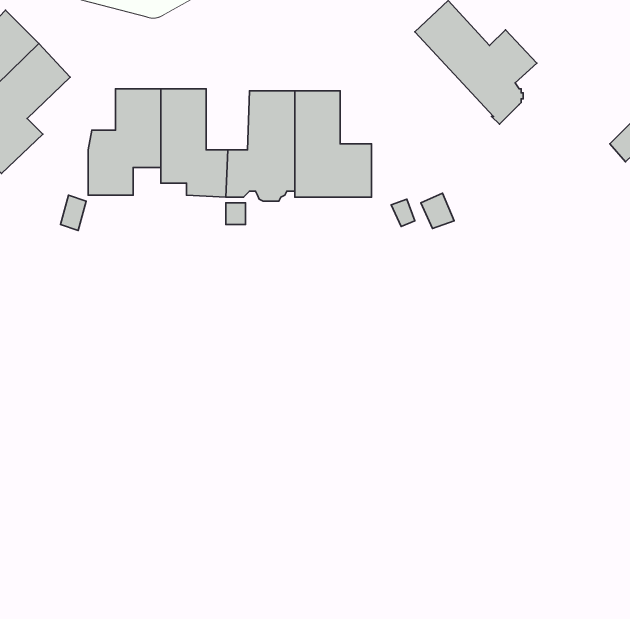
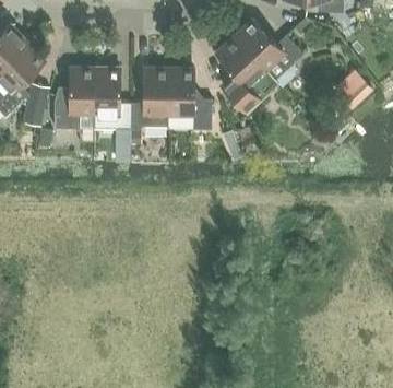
building: none -> [216,37,278,110]
building: none -> [22,84,48,126]

